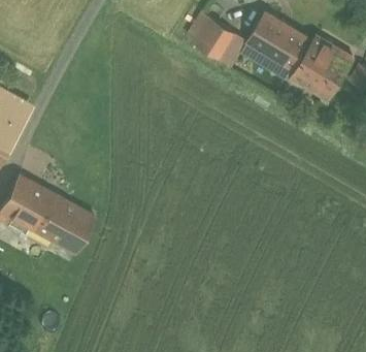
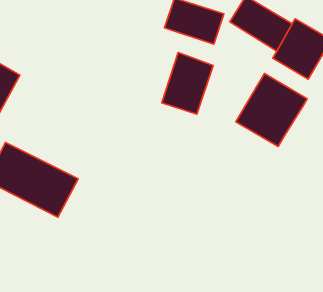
building: none -> [162,53,213,114]
building: none -> [236,73,307,146]

